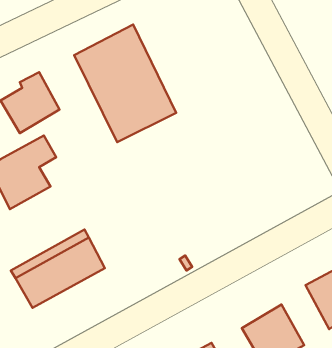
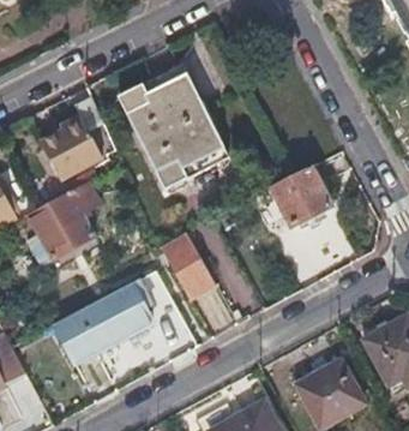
building: none -> [271,166,330,226]
building: none -> [161,232,216,299]

